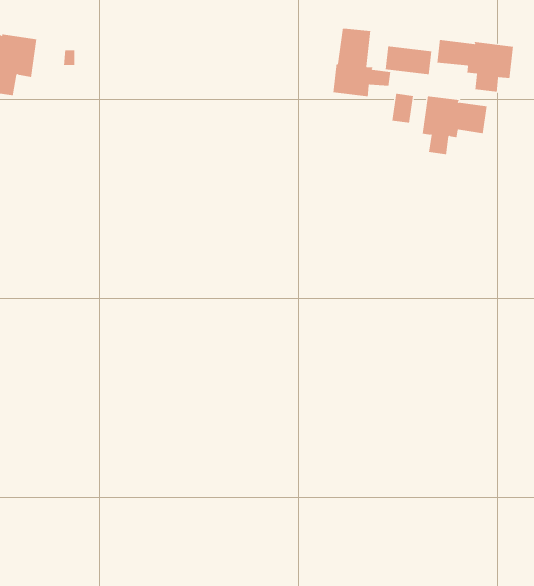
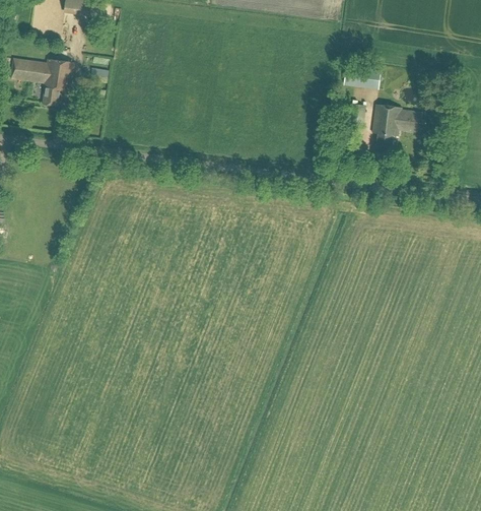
building: [333,28,391,97] -> none
building: [437,39,514,92] -> none

